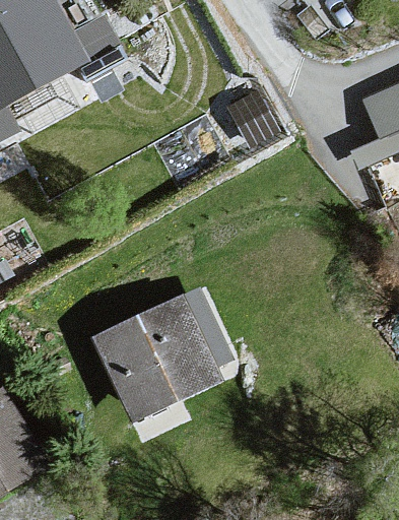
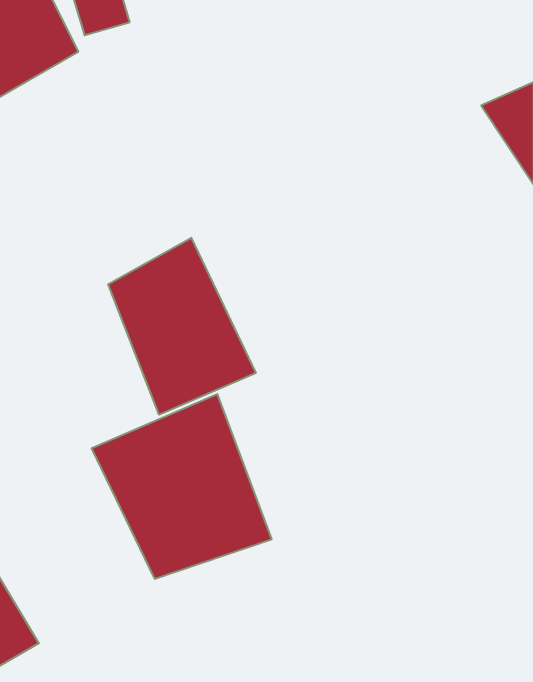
building: none -> [108,238,256,415]

